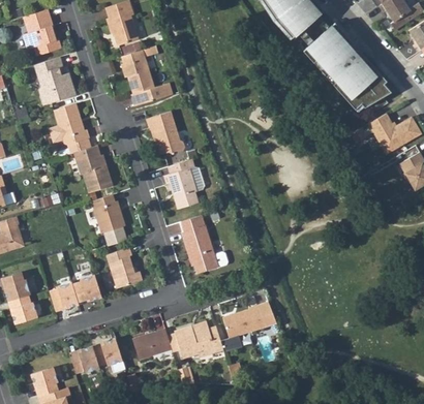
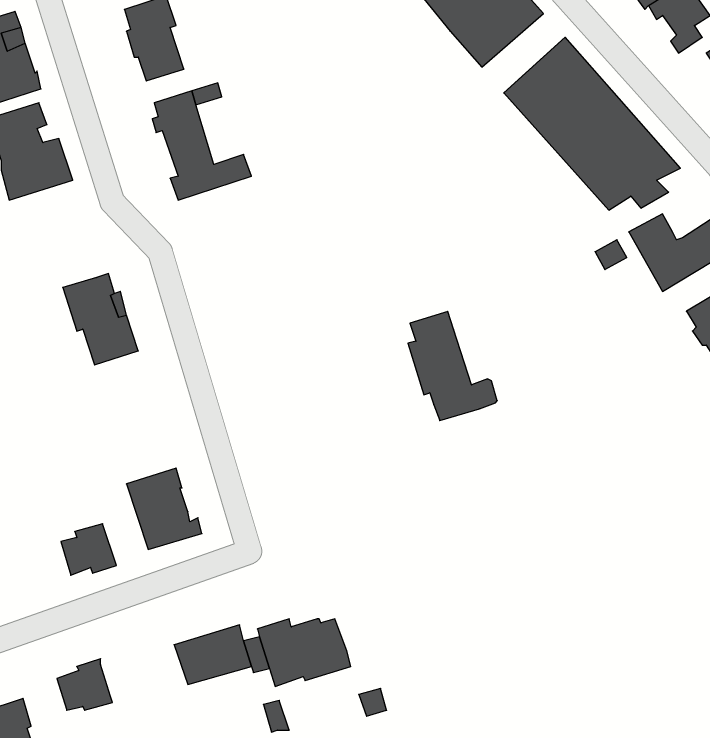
building: [49,102,91,153] -> none
building: [146,111,184,153] -> none
building: [163,158,203,209] -> none
building: [91,194,125,234] -> none
building: [181,215,228,272] -> [408,311,497,421]
building: [50,282,79,309] -> none
building: [221,301,276,353] -> none
building: [93,338,122,366] -> none

